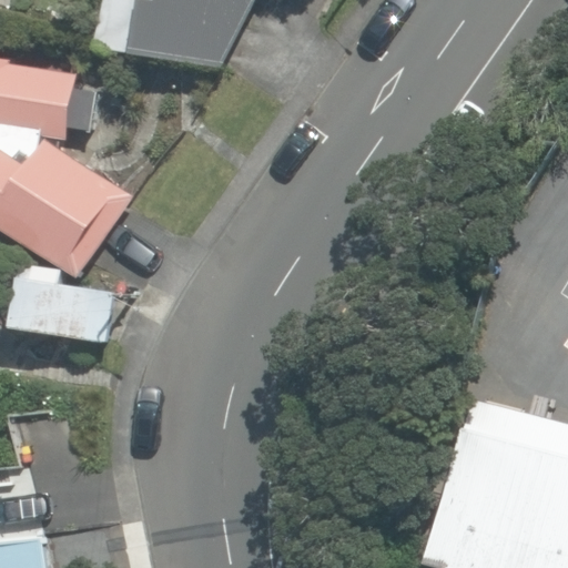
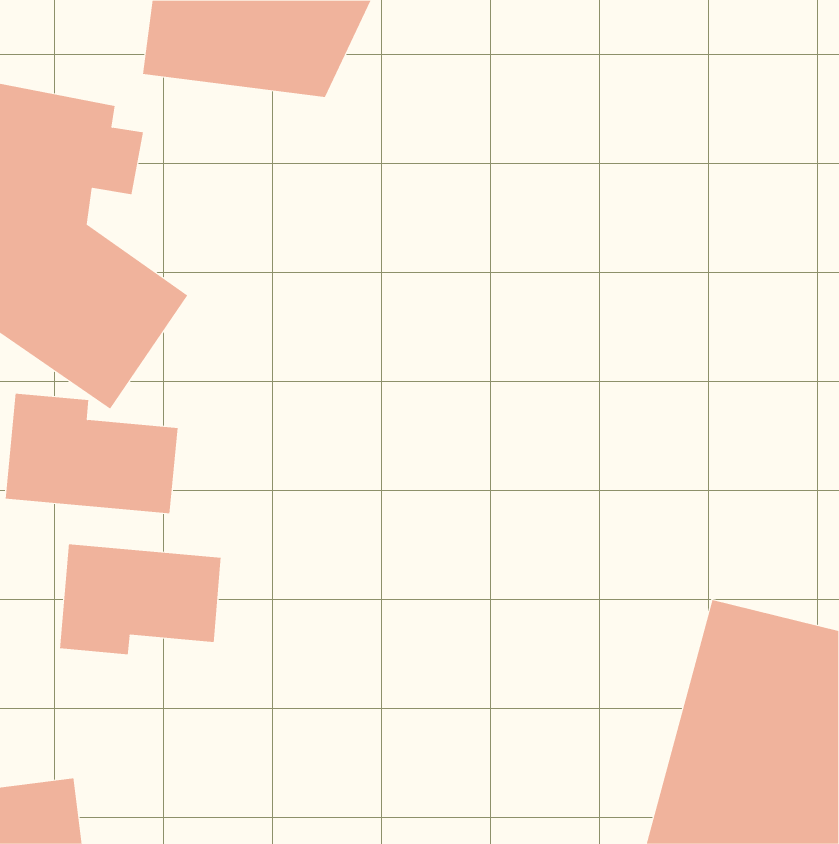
building: none -> [59,543,221,655]

